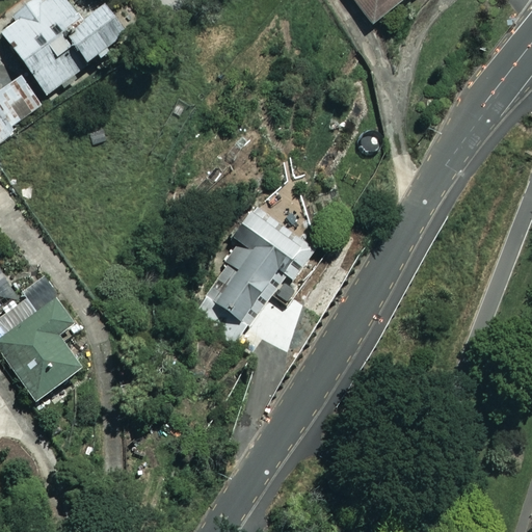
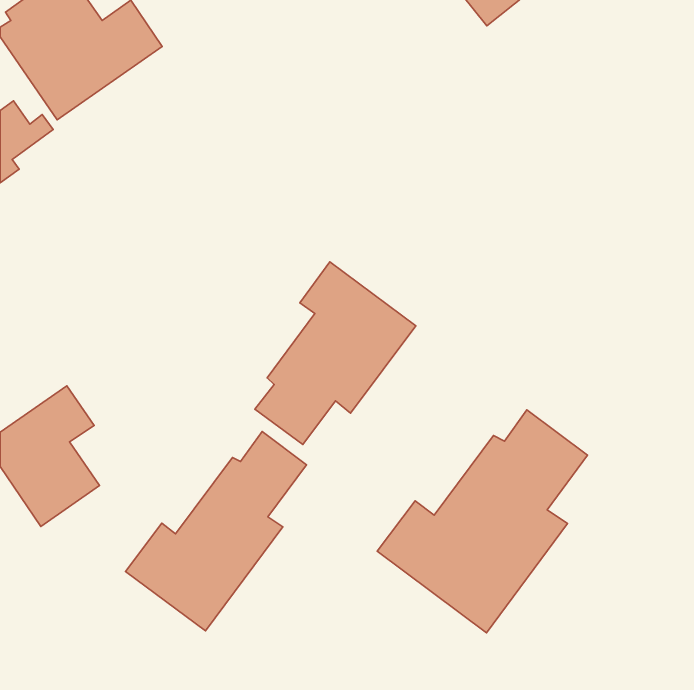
building: none -> [377,410,588,633]
building: none -> [126,432,306,631]

